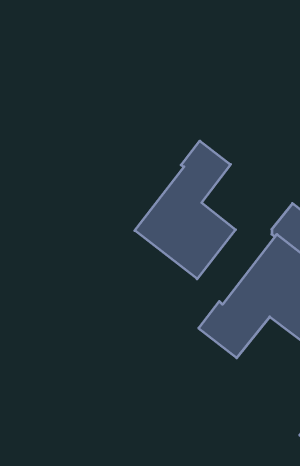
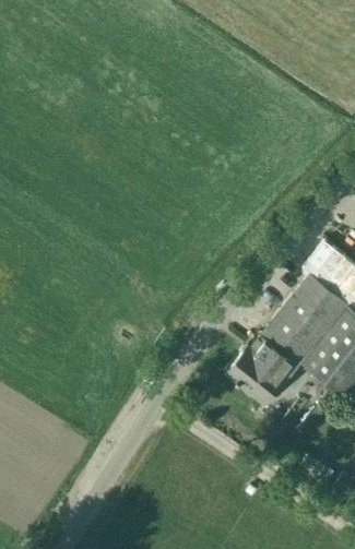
building: [135,141,236,279] -> none

